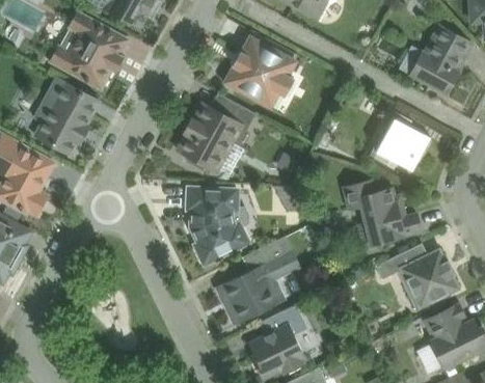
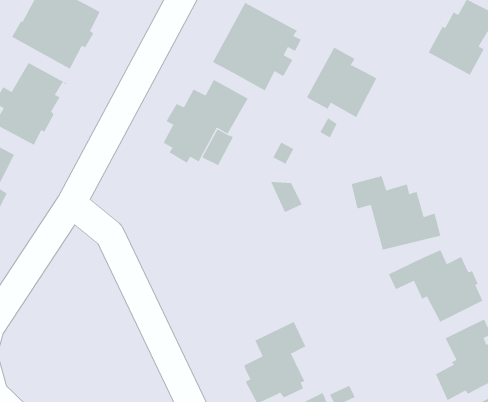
building: [369,111,430,172] -> [306,47,377,118]
building: [187,188,248,265] -> none
building: [214,242,300,325] -> none

